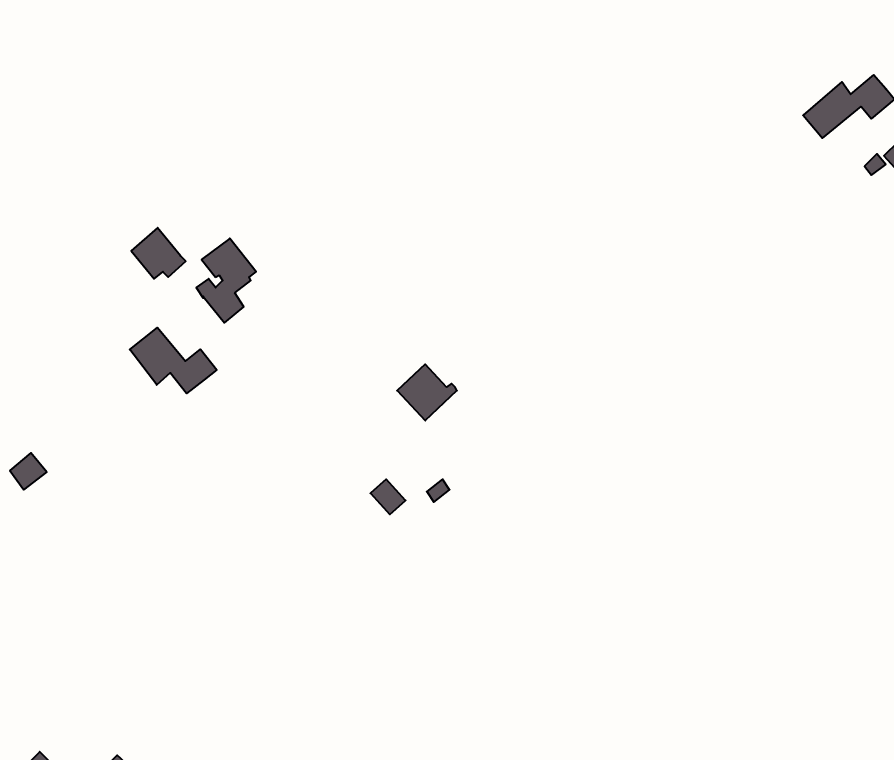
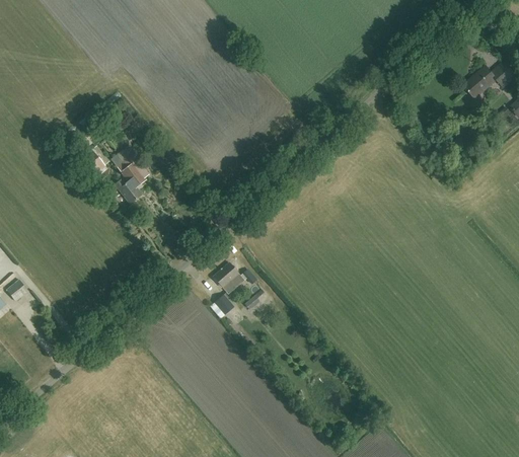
building: [130,328,217,393] -> none
building: [397,364,457,421] -> [212,261,246,294]

